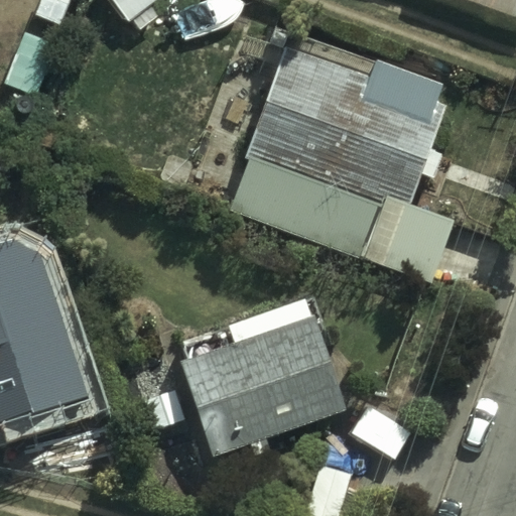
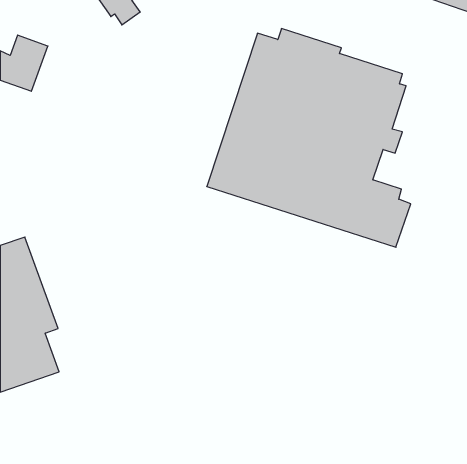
building: [175,298,343,459] -> none

